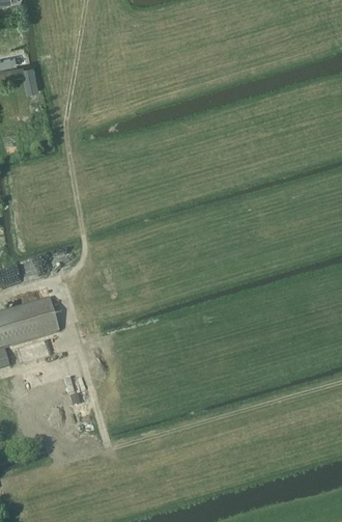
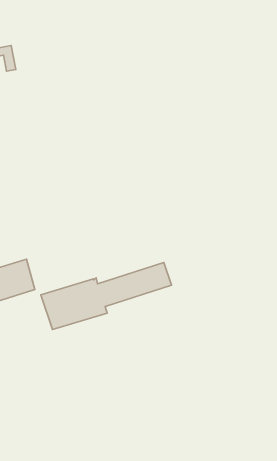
building: none -> [41,263,171,330]

